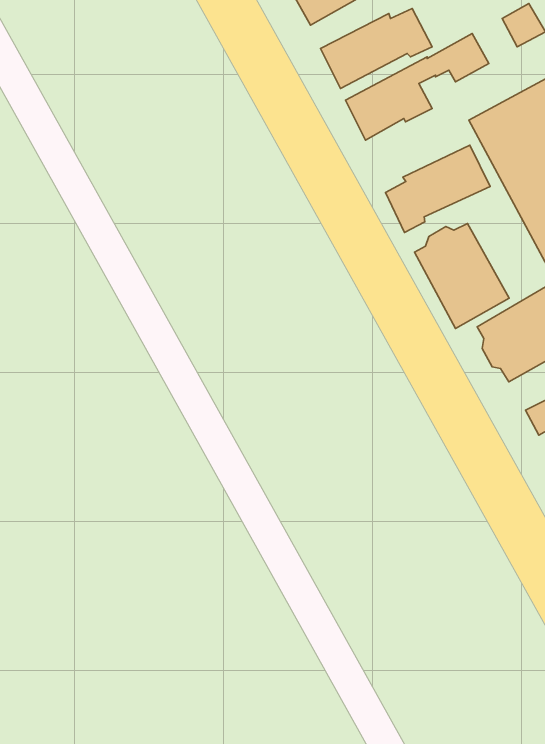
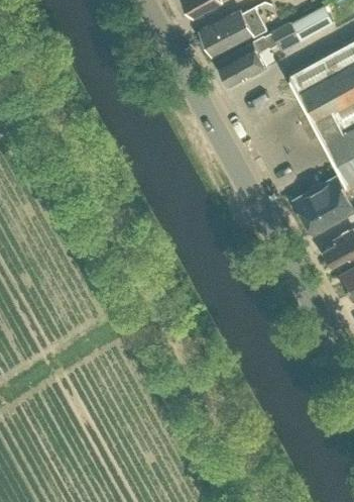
building: [385,145,490,233] -> none
building: [414,224,509,328] -> none

